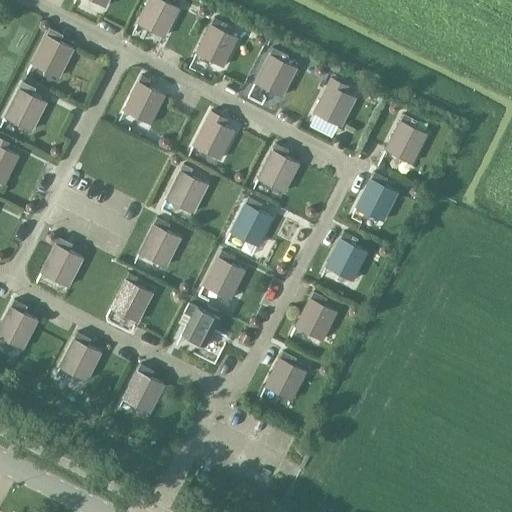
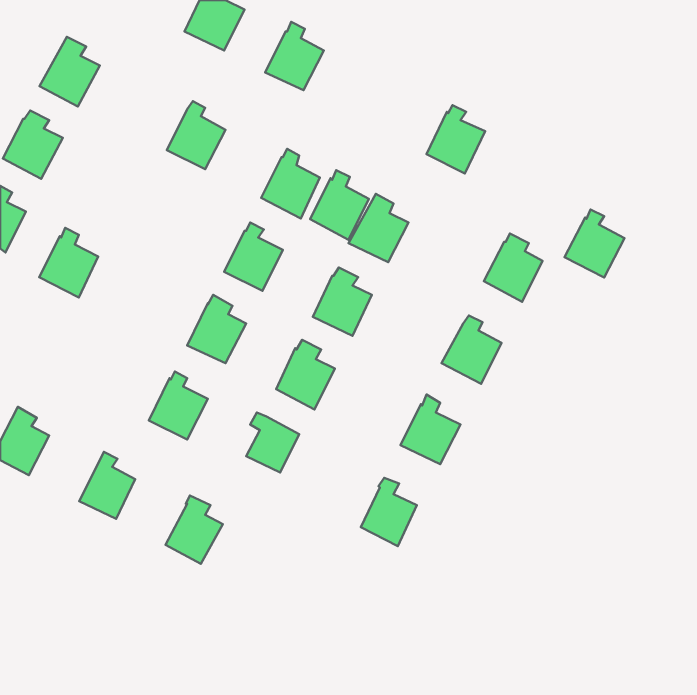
building: [254,48,297,99] -> [310,170,369,240]
building: [384,115,428,165] -> [565,209,625,278]
building: [40,238,83,289] -> [39,228,98,298]

